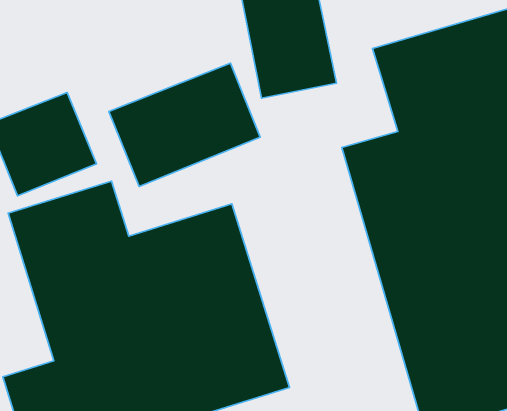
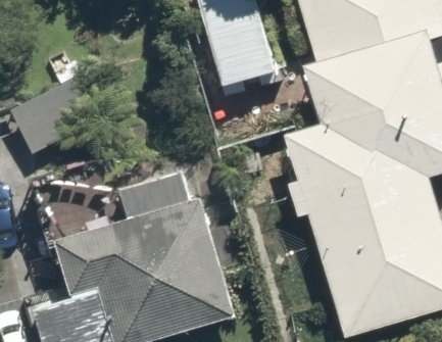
building: [109,63,260,187] -> none

